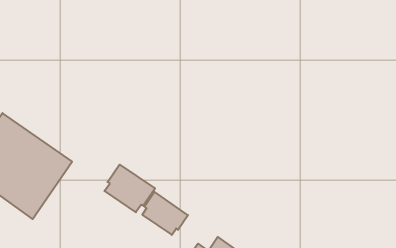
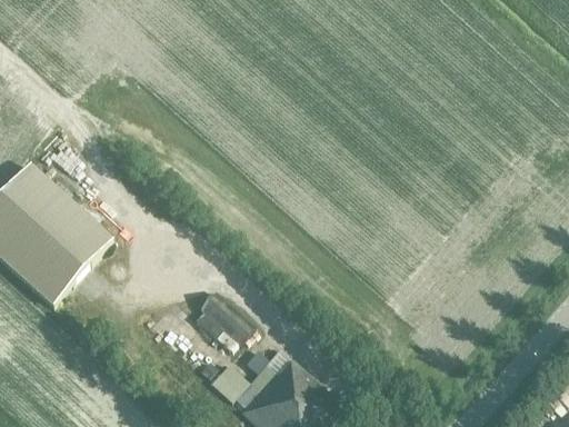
building: [104,165,155,212] -> none

